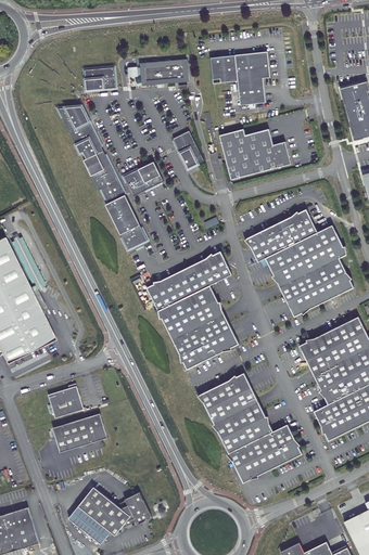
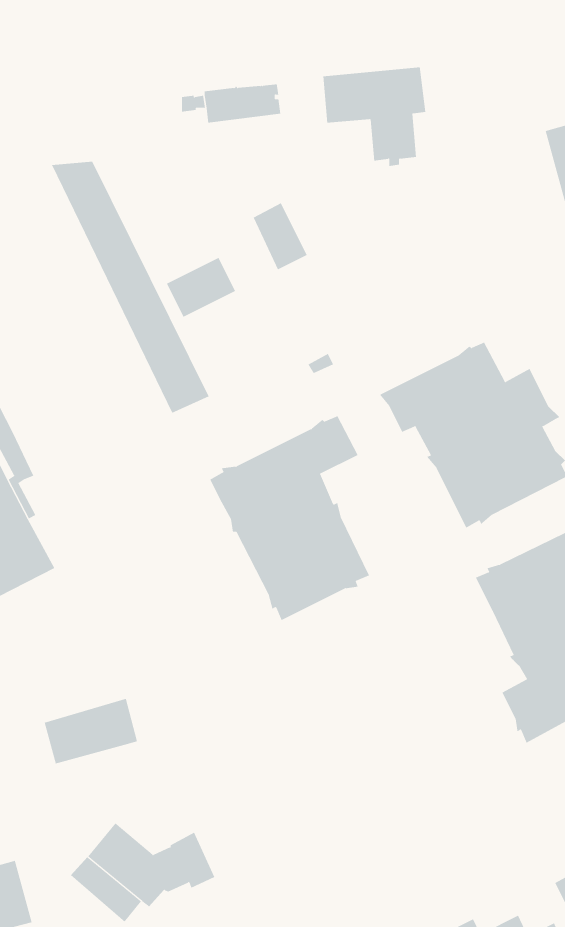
building: [86,67,117,91] -> none
building: [220,129,292,180] -> none
building: [198,373,303,483] -> none
building: [46,388,80,420] -> none

